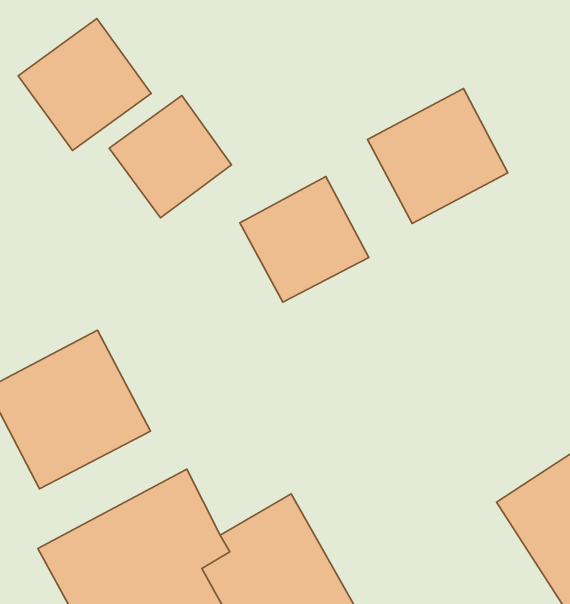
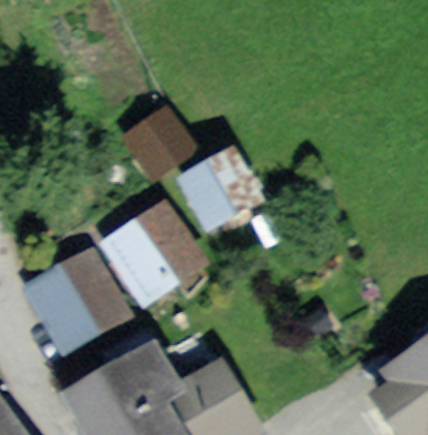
building: [18,19,151,151] -> none
building: [367,89,508,224] -> none
building: none -> [110,197,218,304]

